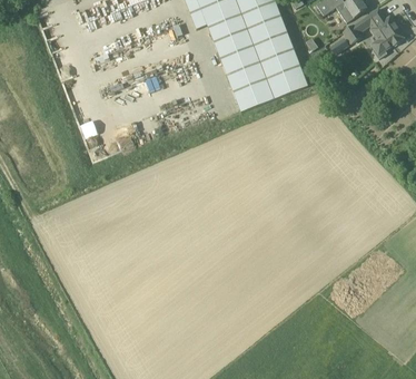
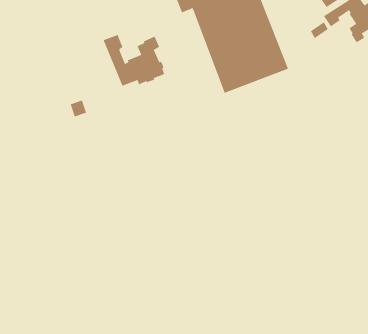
building: none -> [103,34,165,86]

